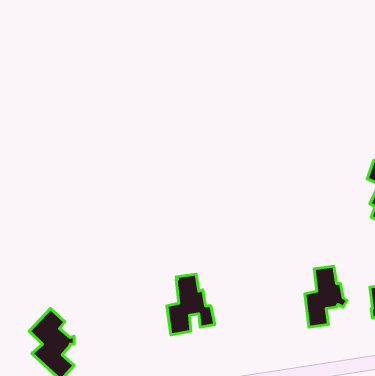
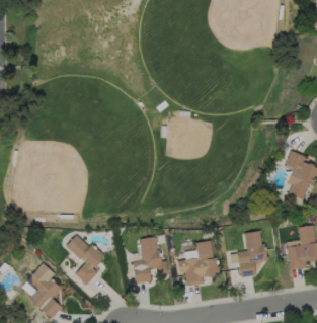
building: none -> [66,235,105,285]
building: none -> [178,240,220,286]

